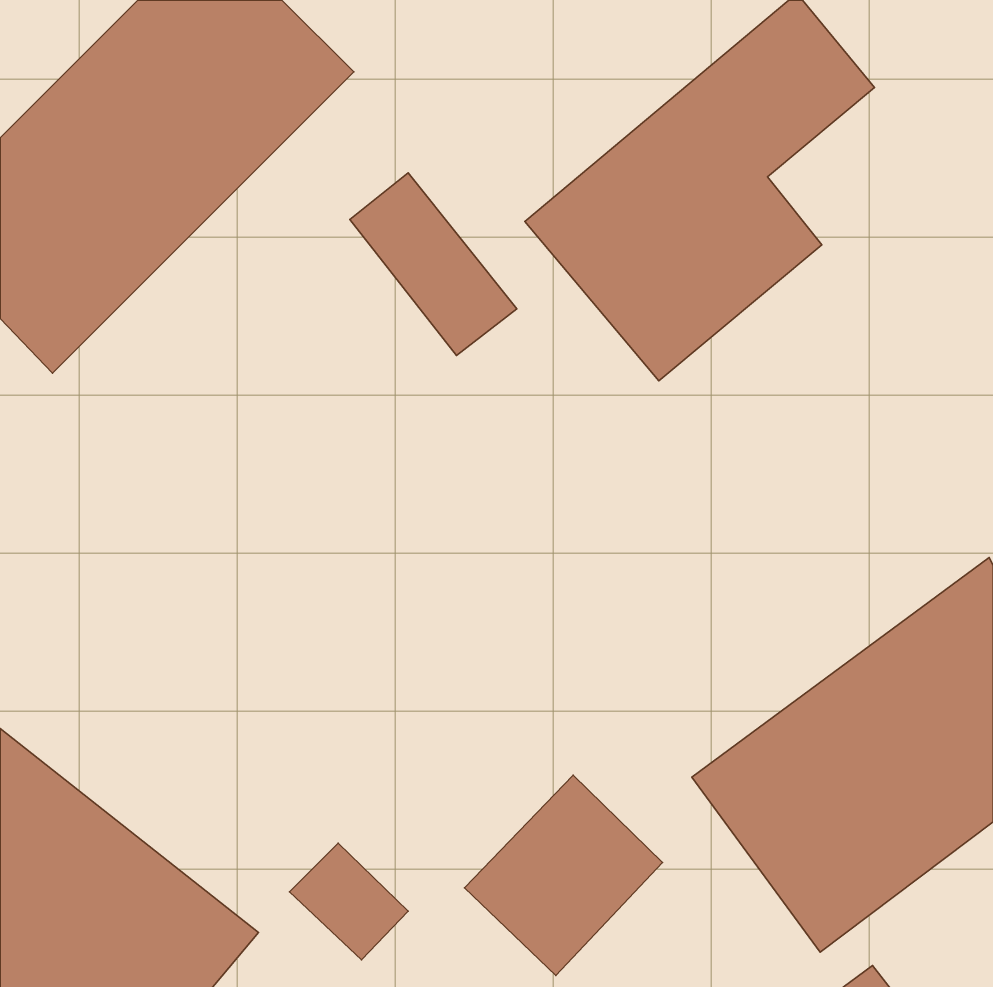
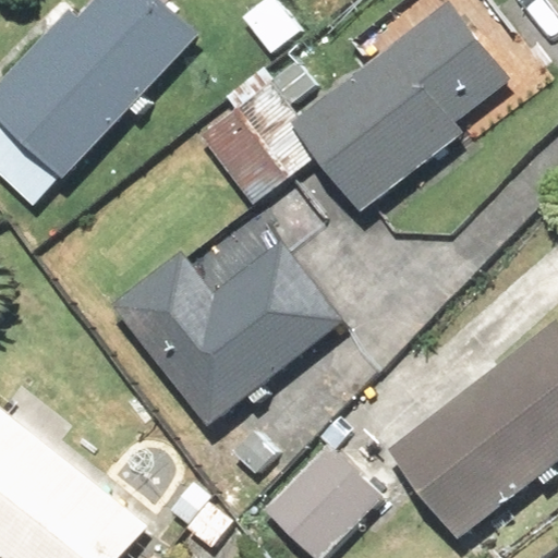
building: none -> [112,242,335,416]

